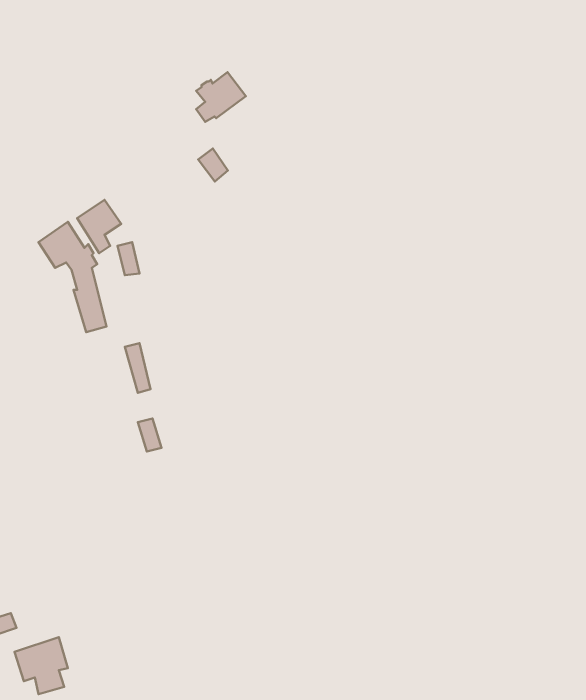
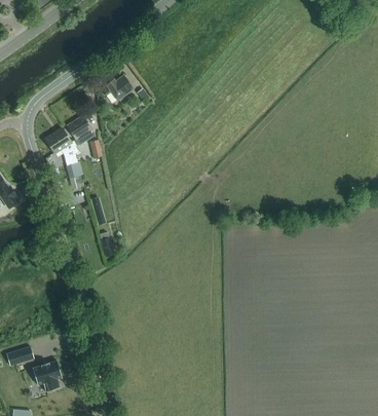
building: [196,72,246,122] -> [106,75,134,103]

